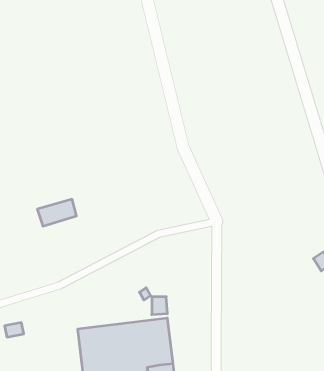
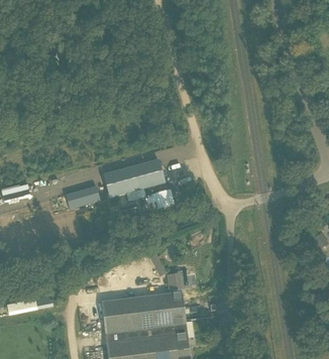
building: none -> [104,159,176,209]

